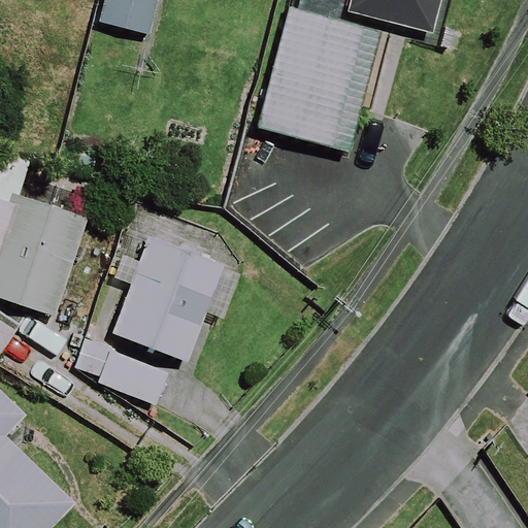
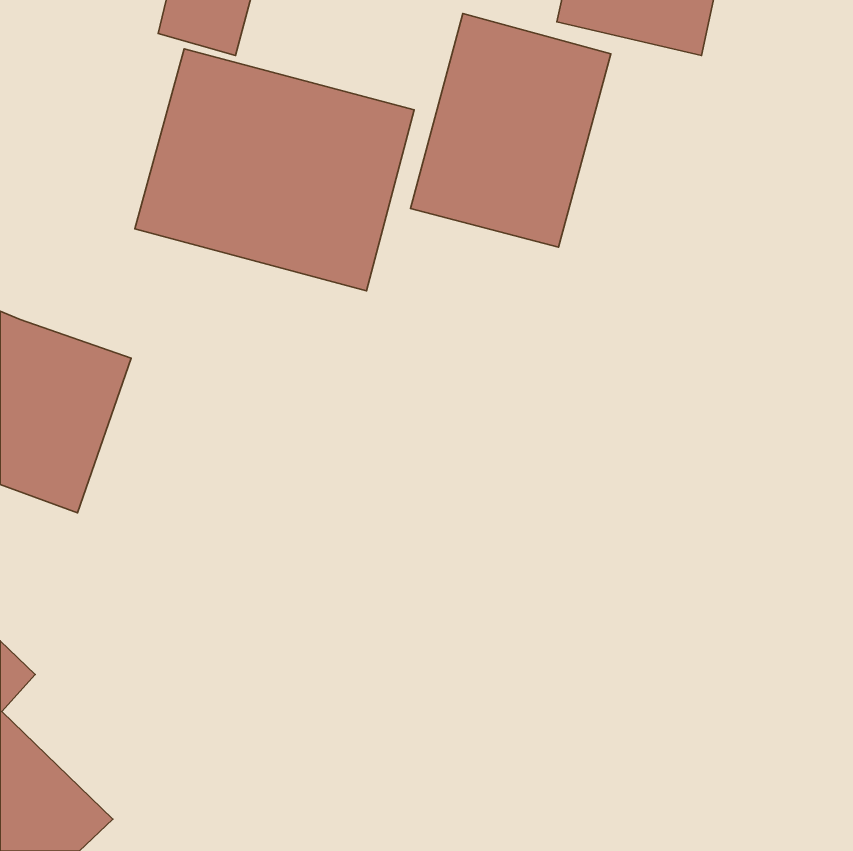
building: none -> [135,49,414,291]
building: [80,227,228,400] -> none

